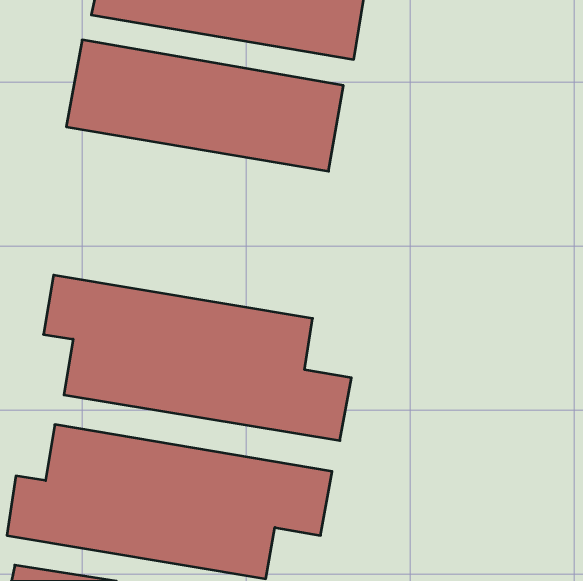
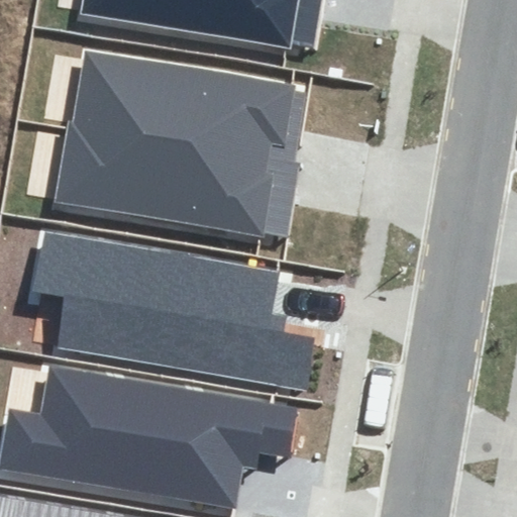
building: none -> [44,112,291,233]

